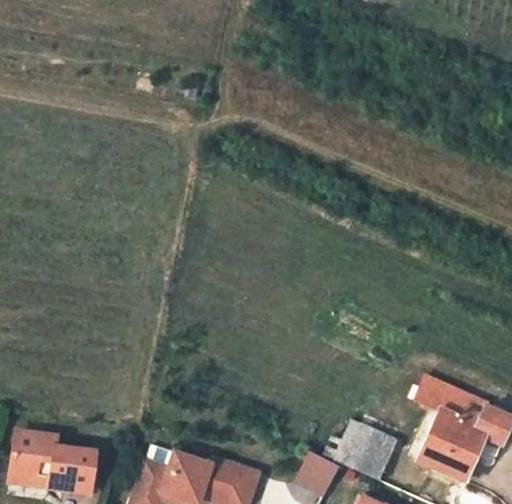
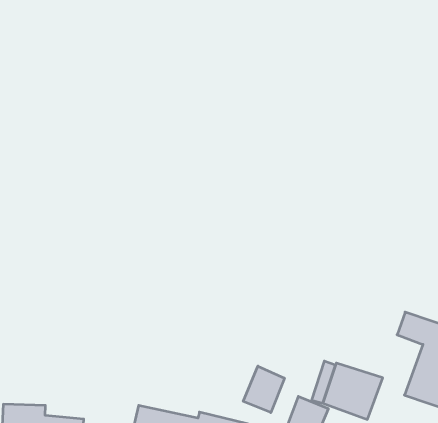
building: none -> [243,366,284,413]

